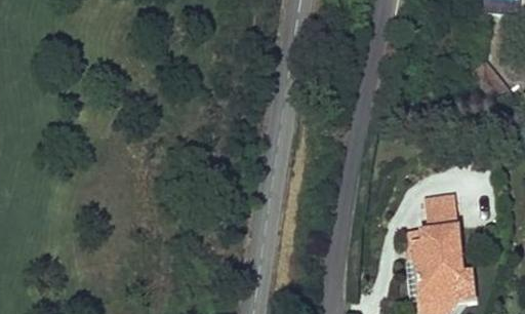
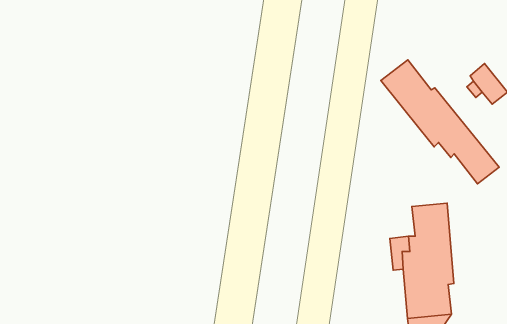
building: none -> [381,60,499,184]

